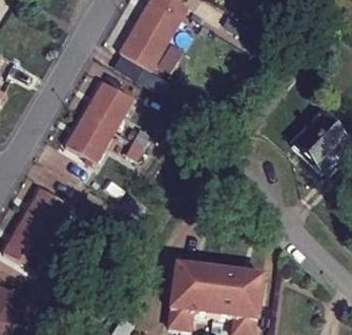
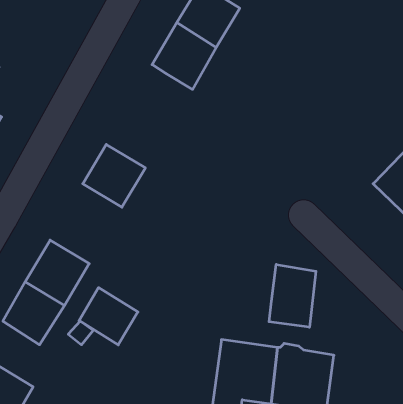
building: [85,80,136,131] -> none
building: none -> [269,264,316,327]
building: none -> [79,288,138,345]

